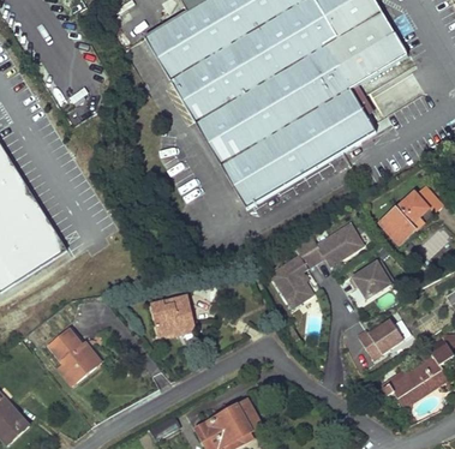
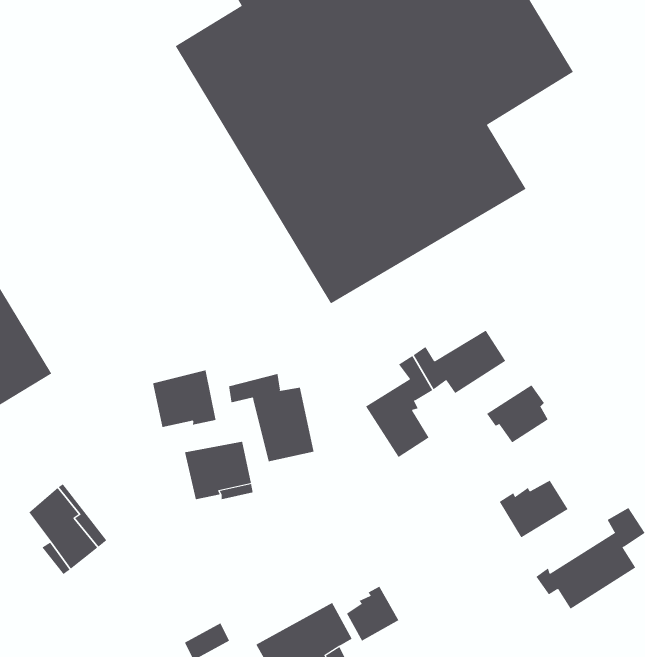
building: [381,182,444,243] -> none
building: none -> [153,370,216,428]
building: none -> [229,373,314,462]
building: none -> [346,586,399,642]

